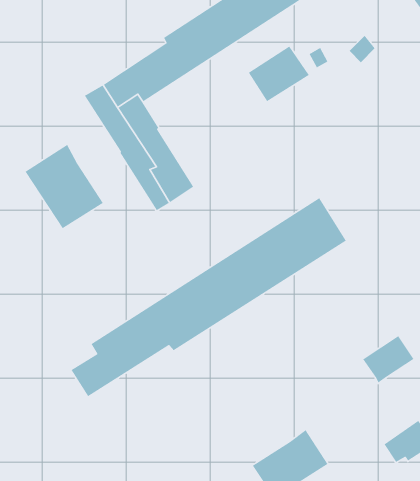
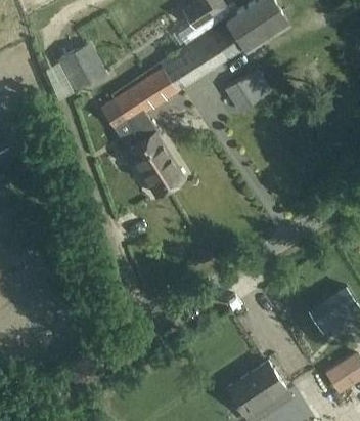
building: none -> [57,43,105,91]
building: [24,144,104,230] -> none
building: [70,197,347,397] -> none

